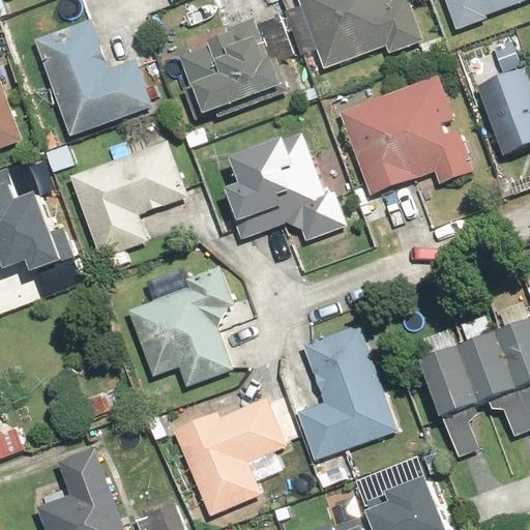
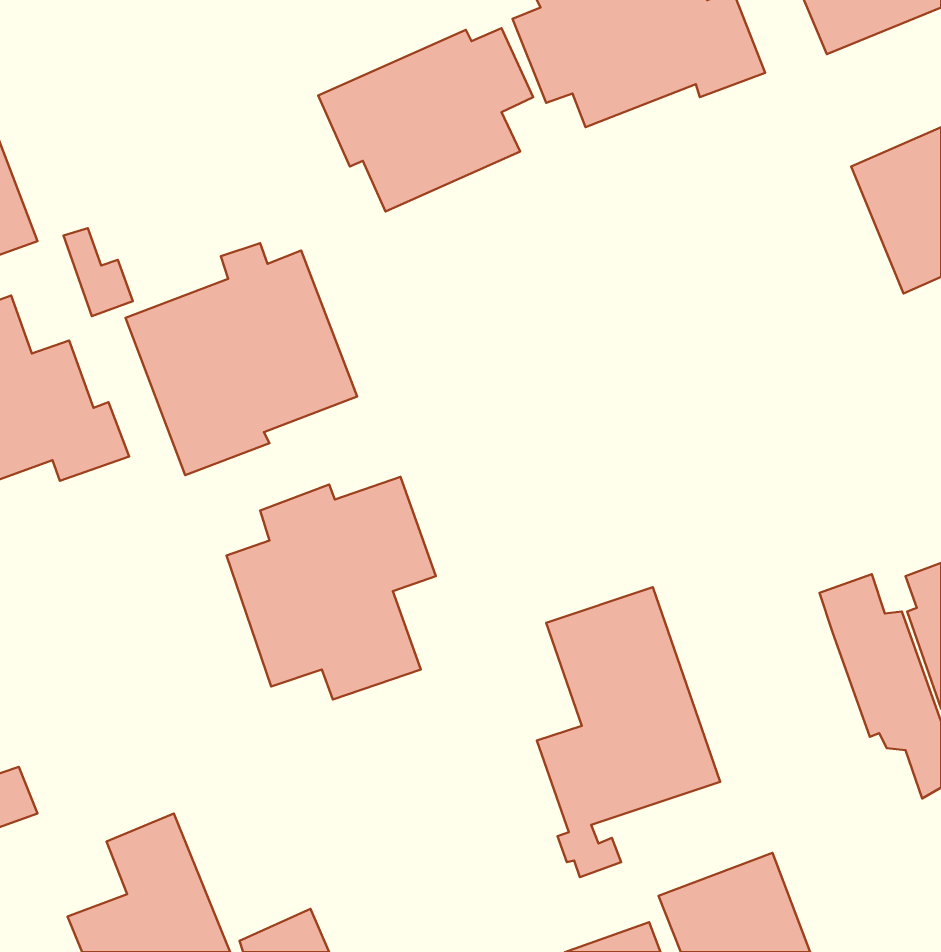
building: [31,16,154,138] -> none
building: [337,79,478,197] -> none
building: [224,132,347,242] -> none
building: [412,333,478,462] -> none
building: [171,388,287,516] -> none

